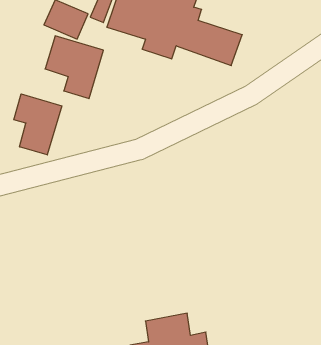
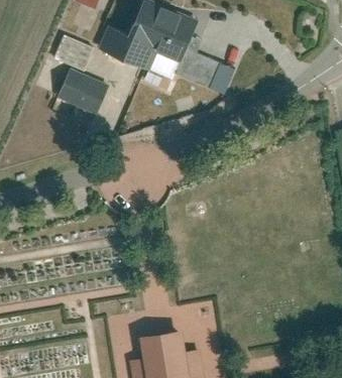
building: [14,94,62,155] -> none

